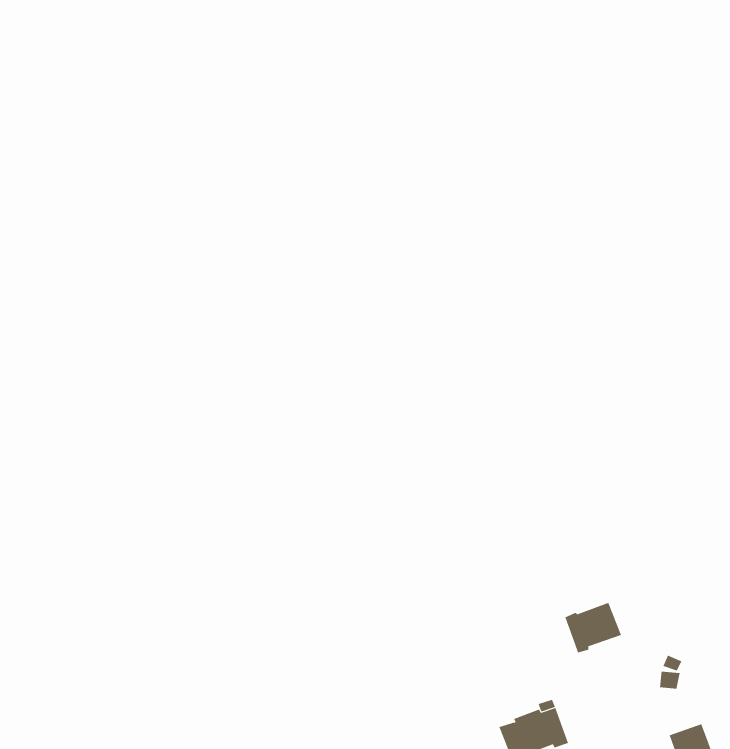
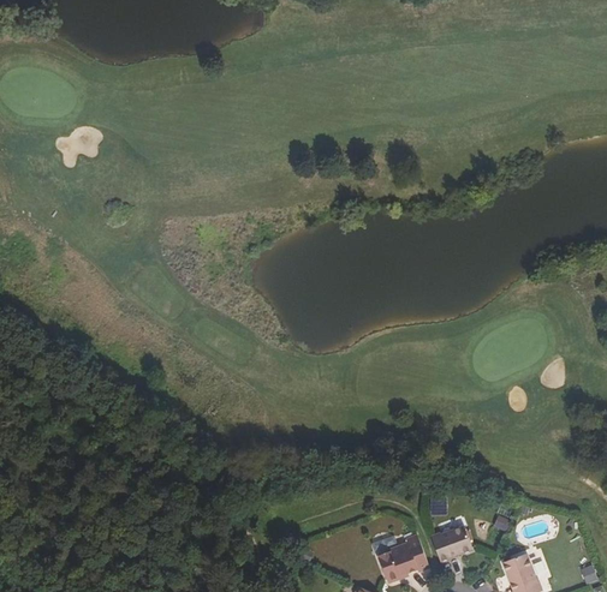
building: [564,602,622,653] -> [429,526,471,563]

